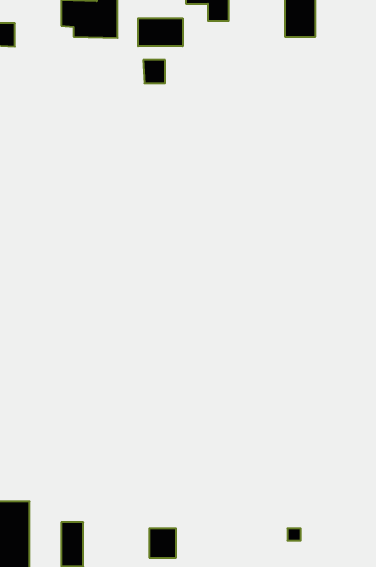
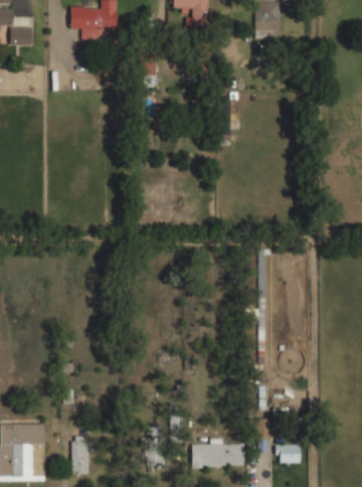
building: [138,18,183,46] -> none
building: none -> [191,438,243,467]
building: none -> [276,444,301,462]

